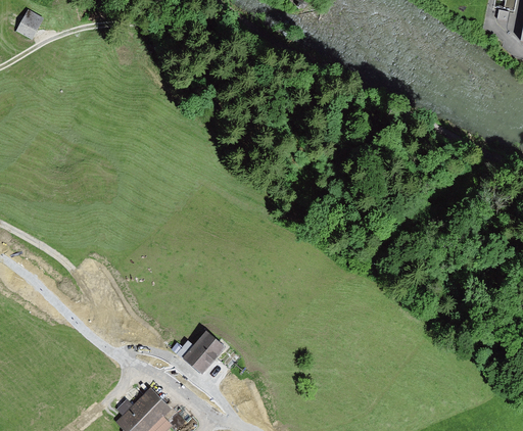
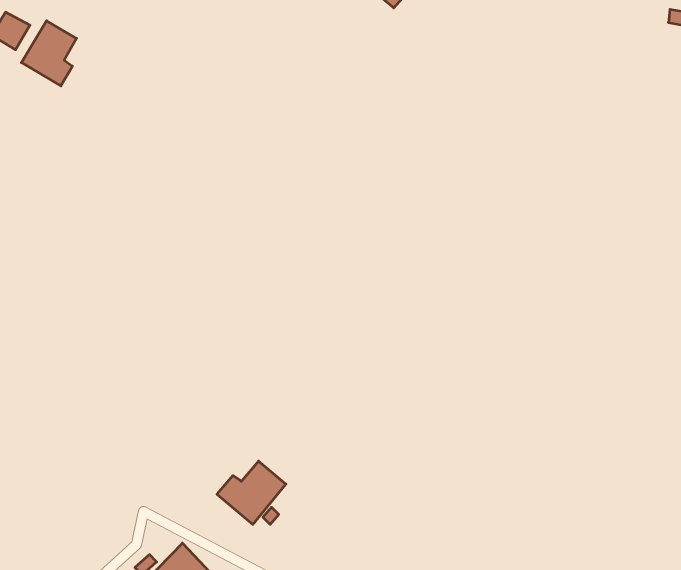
building: none -> [21,21,77,86]

